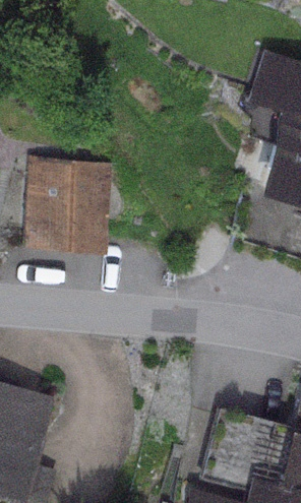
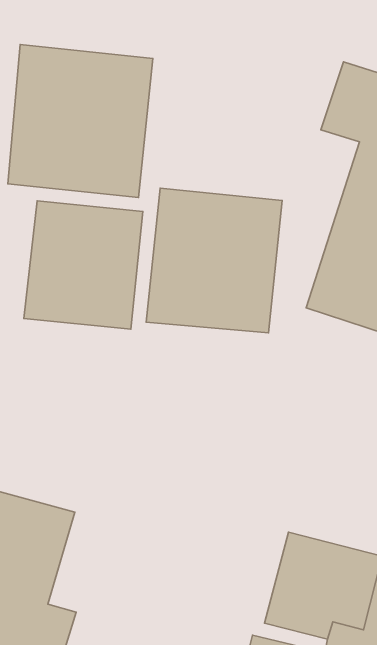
building: none -> [8,45,153,197]
building: none -> [146,188,282,333]

